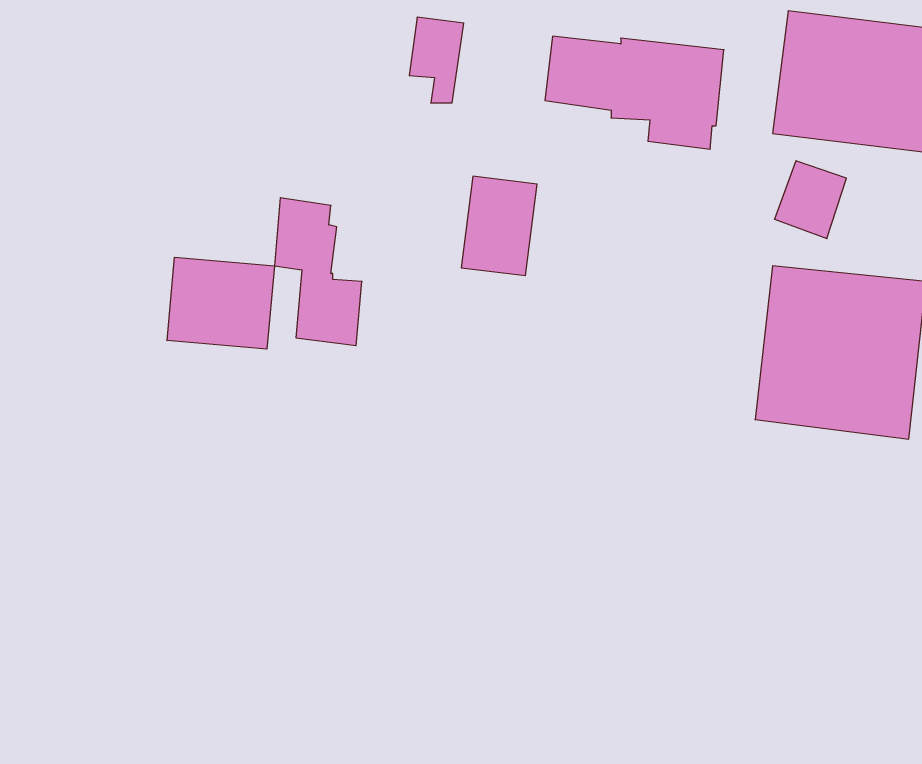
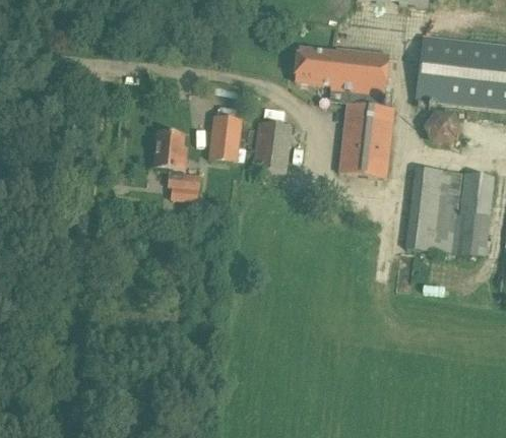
building: [409,17,464,103] -> [214,115,243,160]
building: none -> [338,102,396,178]
building: [167,257,274,349] -> none

